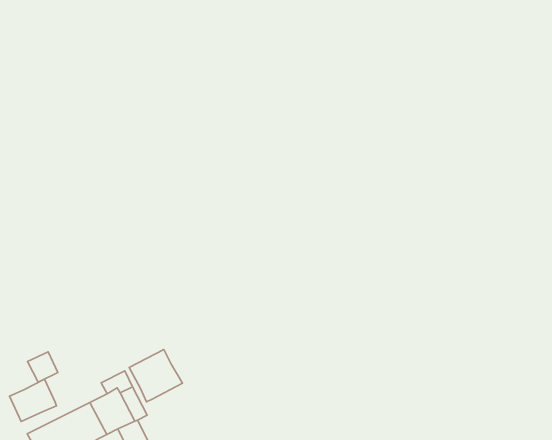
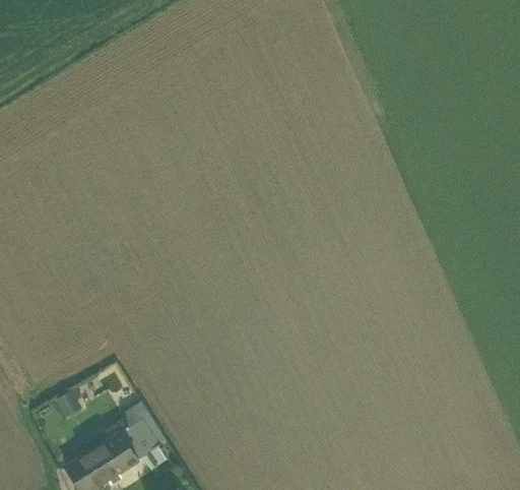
building: [129,350,183,402] -> none
building: [10,379,56,422] -> none

